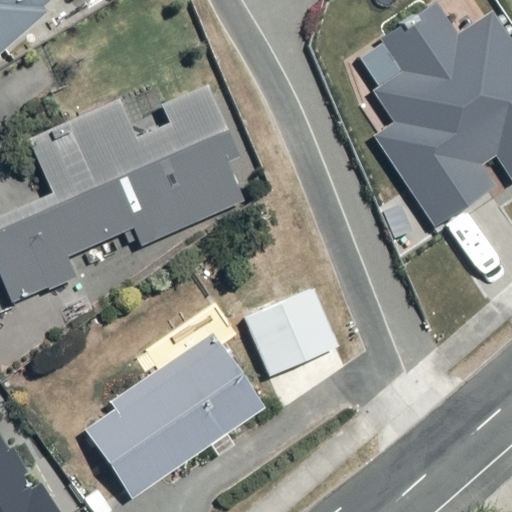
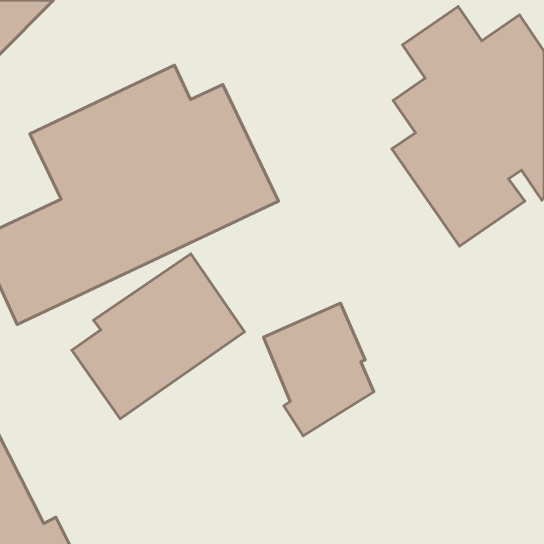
building: [93,339,254,493] -> [72,254,244,419]

